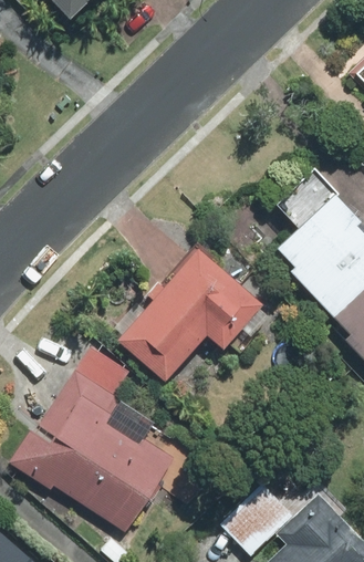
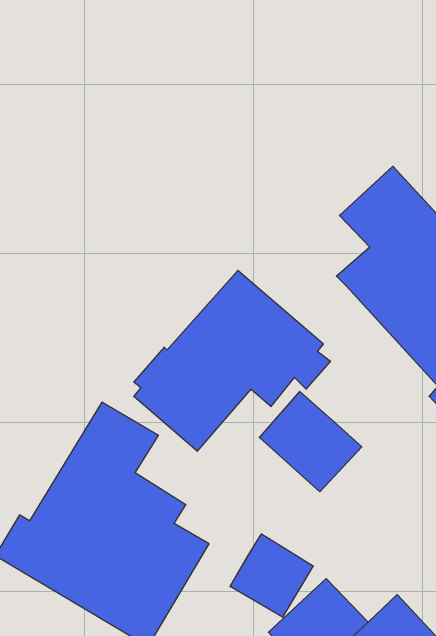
building: none -> [259,391,362,492]
building: none -> [230,534,313,617]

